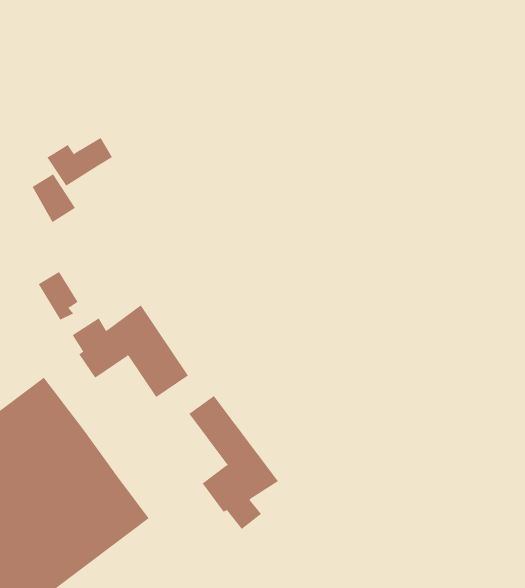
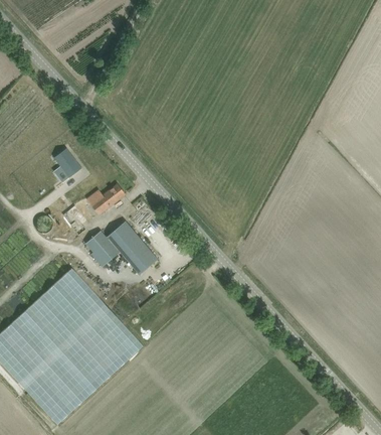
building: [47,137,113,187] -> [85,183,125,214]
building: [189,395,279,530] -> none

